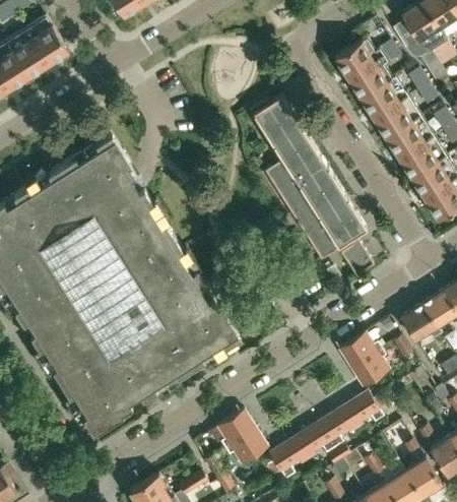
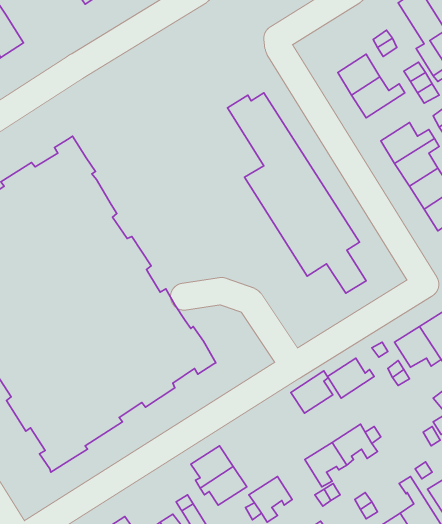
building: [335,42,374,78] -> none
building: [374,97,413,139] -> none
building: [351,350,389,387] -> [291,371,333,413]
building: [295,424,334,459] -> none

